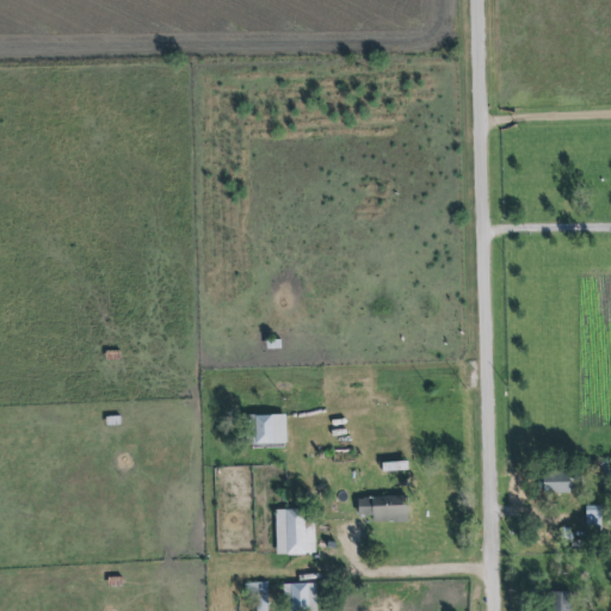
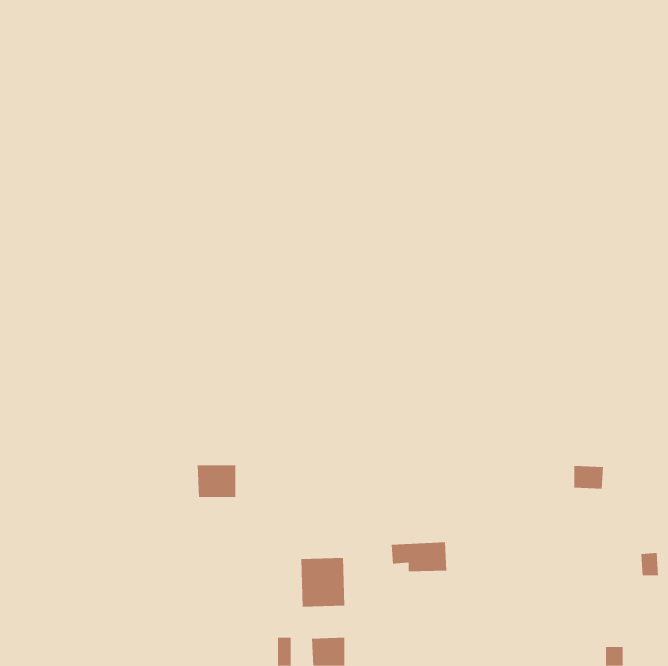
building: [249,414,285,444] -> [197,465,236,498]
building: [543,471,570,493] -> [574,466,604,489]

